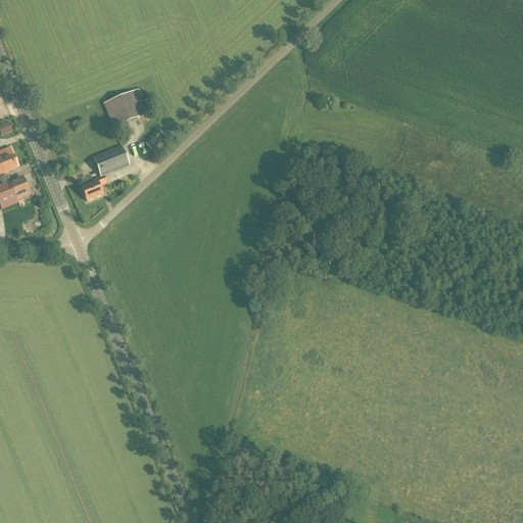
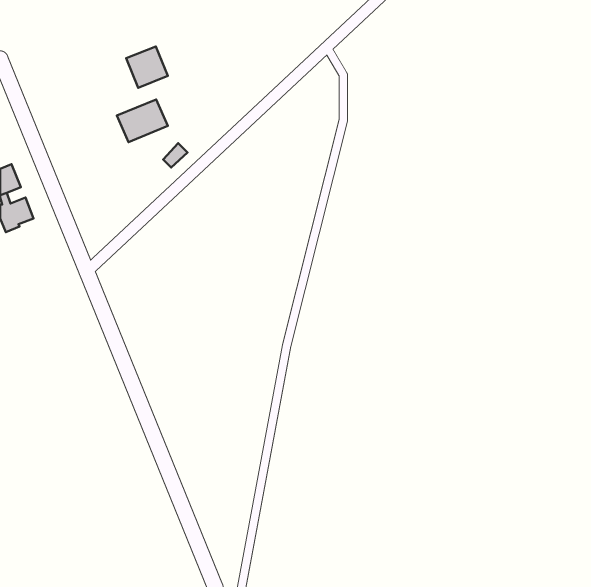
building: none -> [126,46,168,88]
building: [81,144,130,200] -> none

